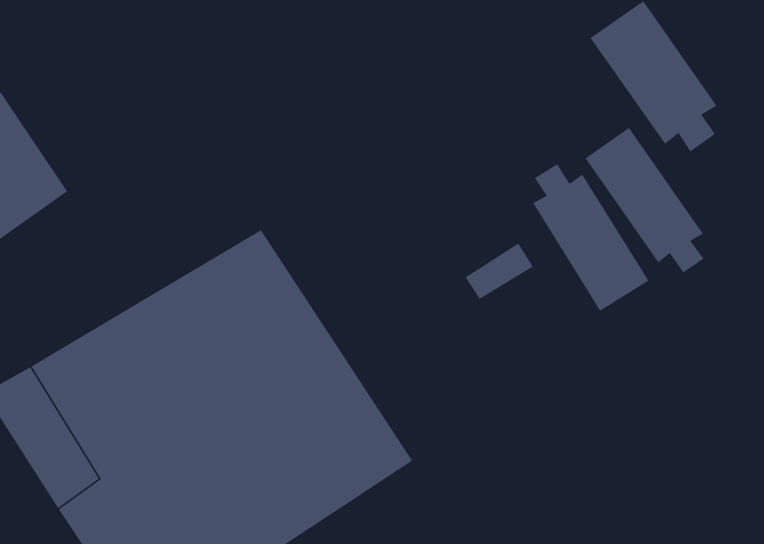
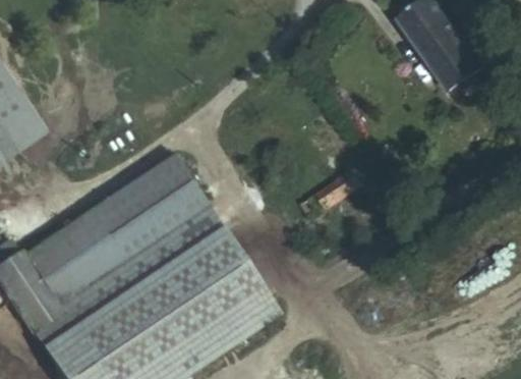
building: [585,127,704,273] -> none
building: [532,163,650,312] -> none

